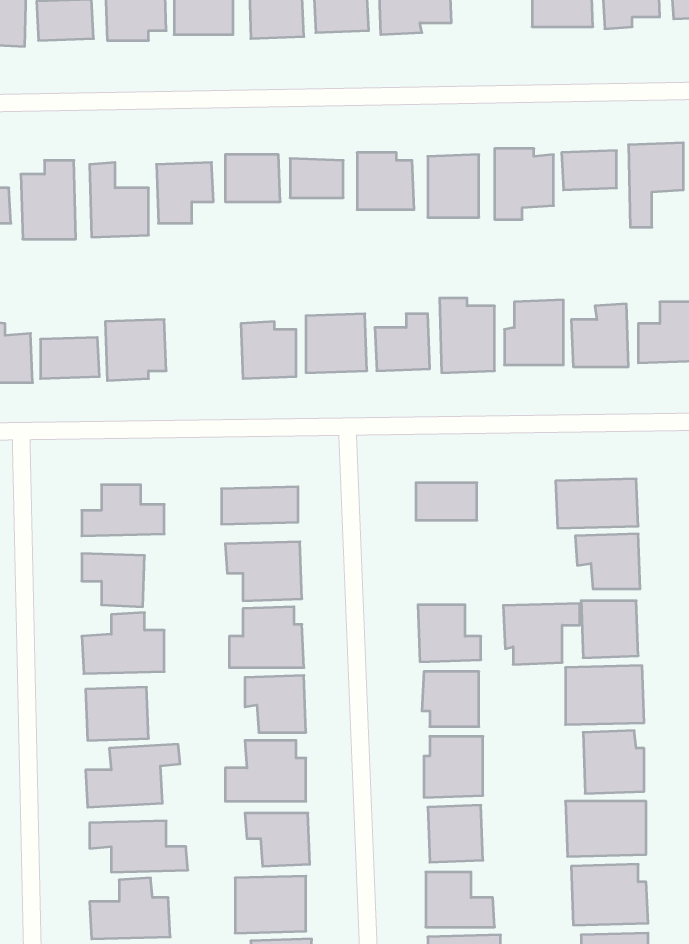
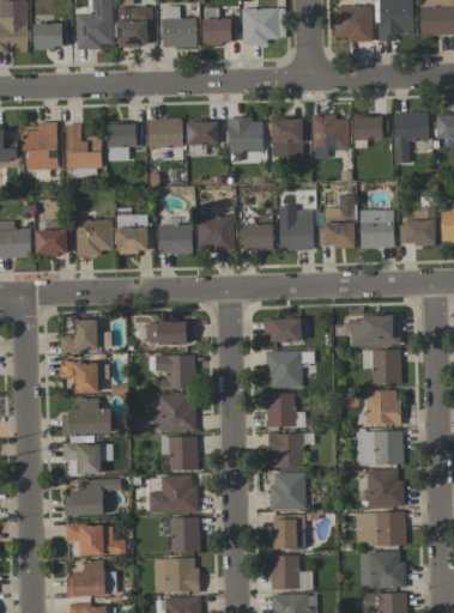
building: none -> [116,214,149,253]
building: [503,603,580,664] -> [266,351,313,388]

